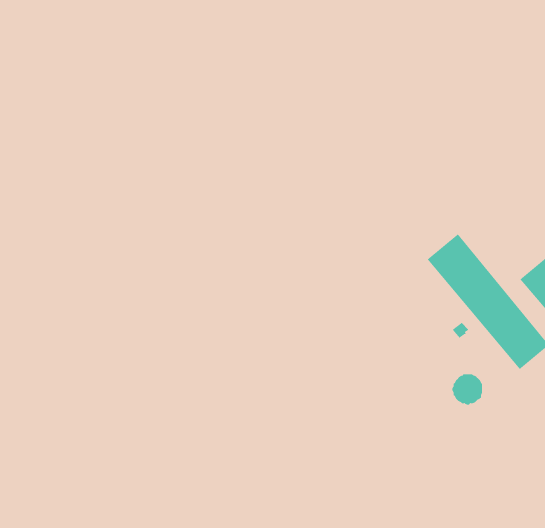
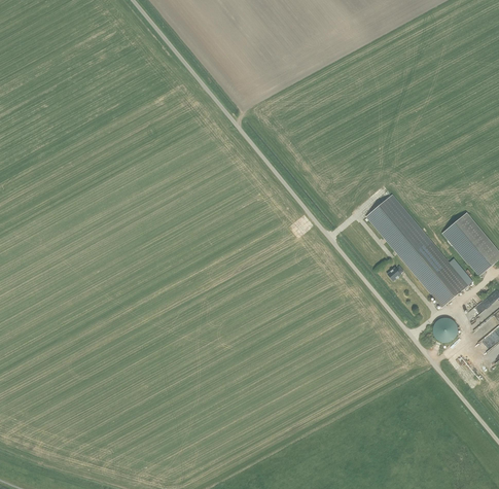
building: [452,374,483,405] -> [431,317,457,343]

